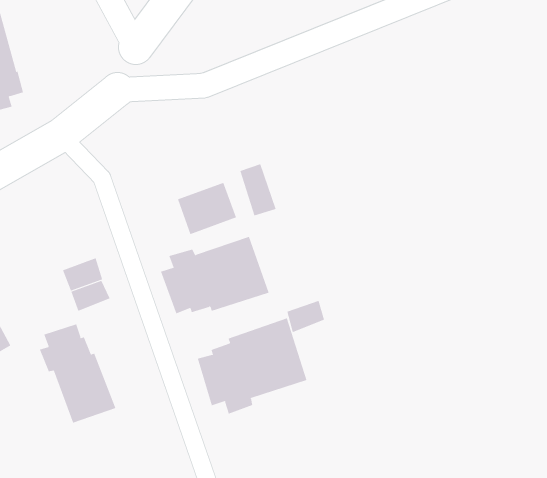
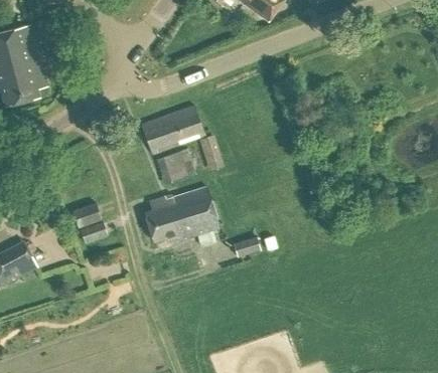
building: none -> [142,107,205,155]
building: [197,317,307,415] -> none
building: [39,323,116,424] -> none

